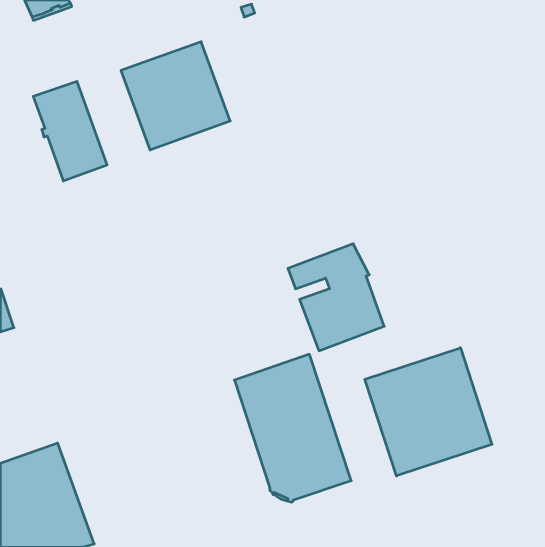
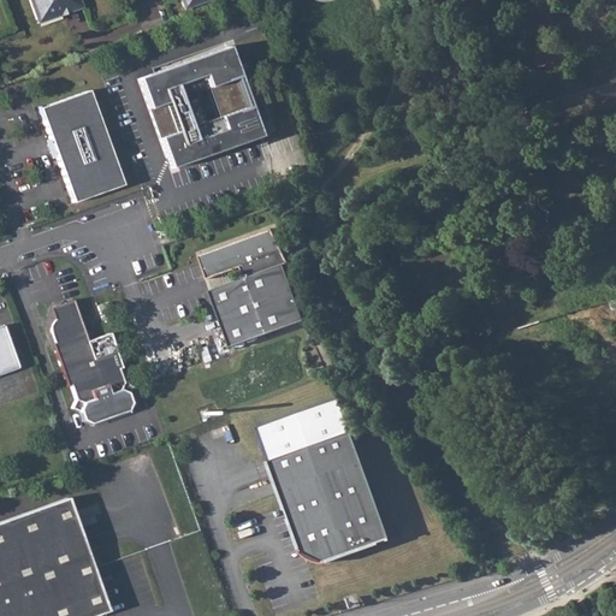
building: [288,244,384,351] -> [202,226,310,346]
building: none -> [49,301,132,425]
building: [365,348,492,476] -> none

